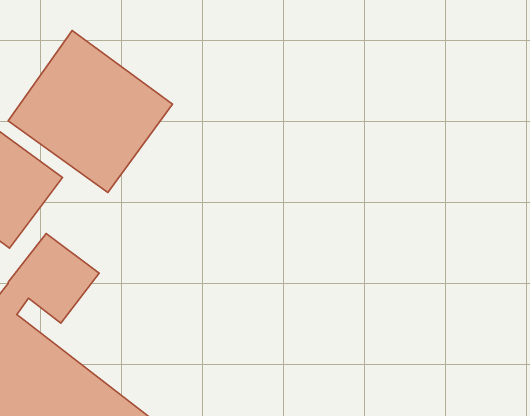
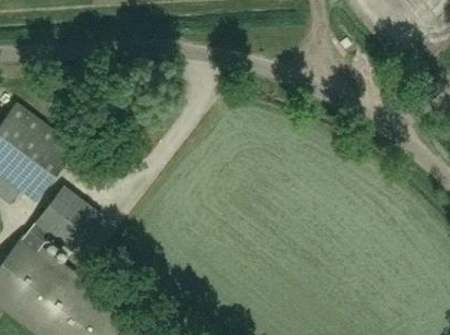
building: [8,30,172,193] -> none

